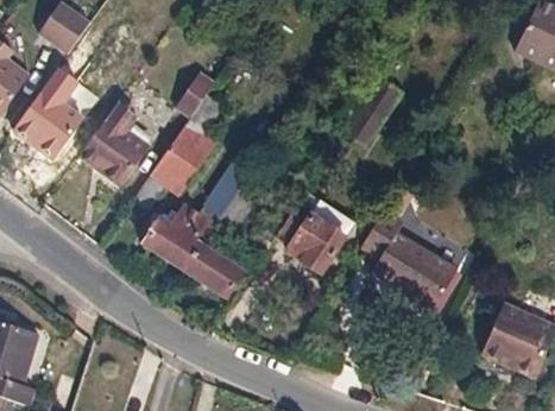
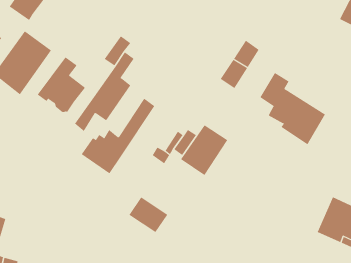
building: [360,210,455,315] -> [260,72,326,145]
building: [184,245,241,297] -> [128,196,168,233]

